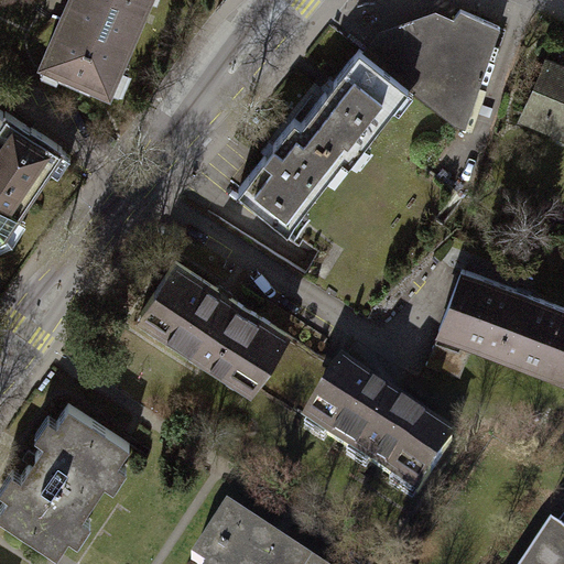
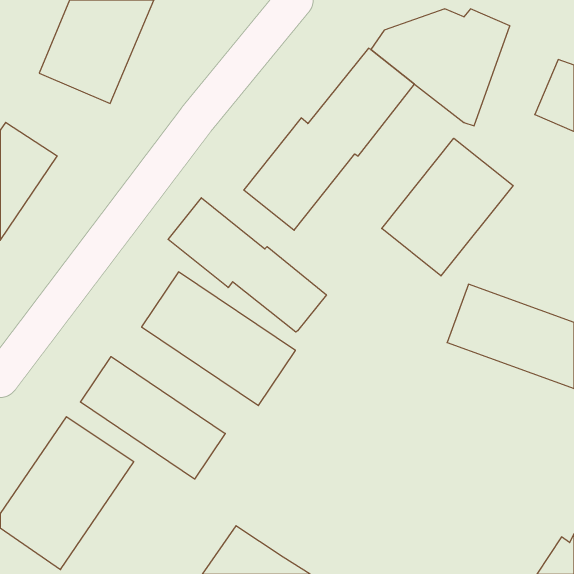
building: none -> [382,138,513,276]
building: none -> [168,198,326,332]
building: none -> [80,357,225,479]
building: [304,373,453,505] -> none

